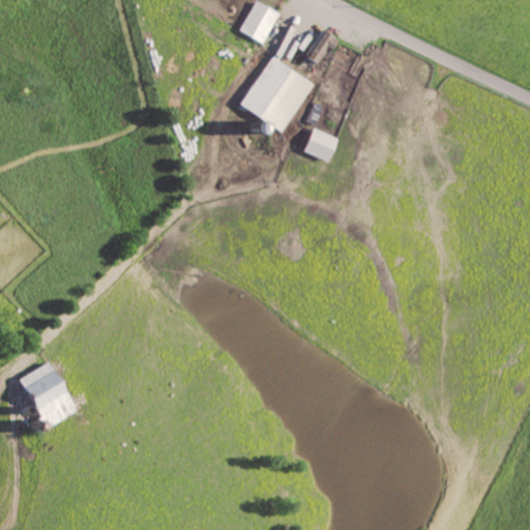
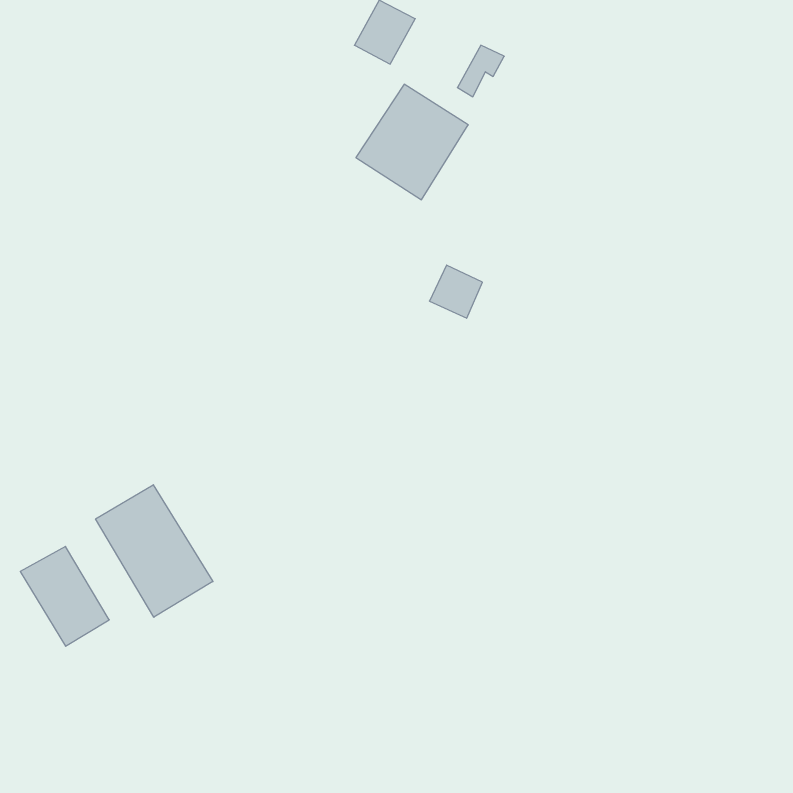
building: [302,126,337,161] -> [429,265,482,318]
building: none -> [96,485,213,617]

